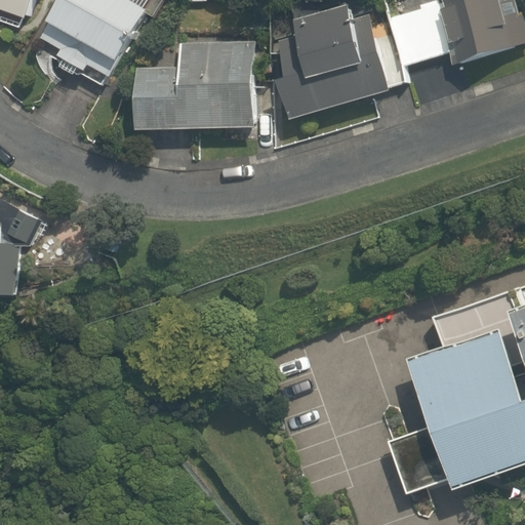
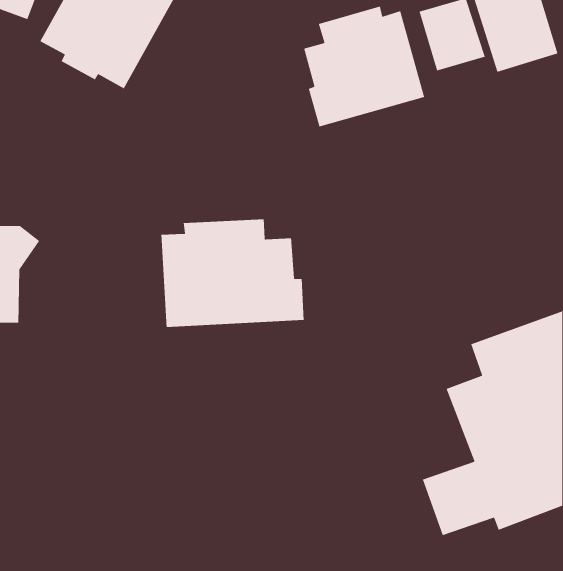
building: [135,35,253,132] -> none
building: none -> [161,218,305,328]

